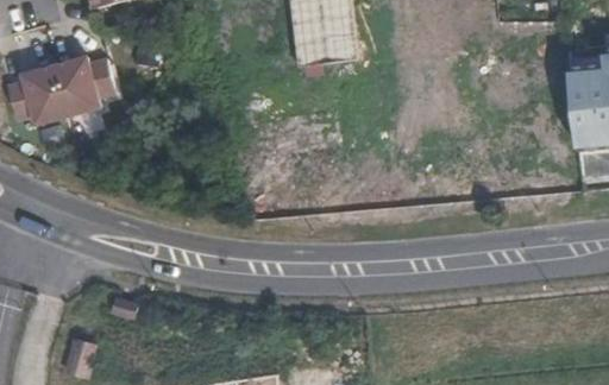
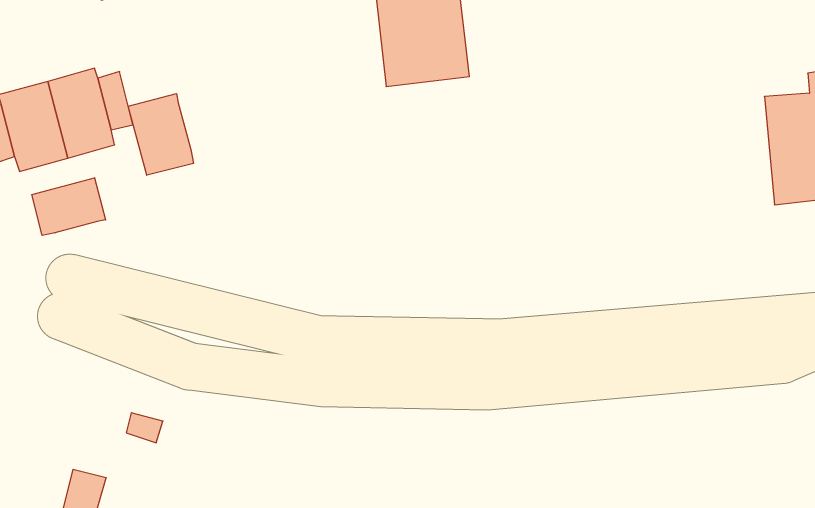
building: none -> [128,94,194,175]
building: none -> [32,178,106,235]

